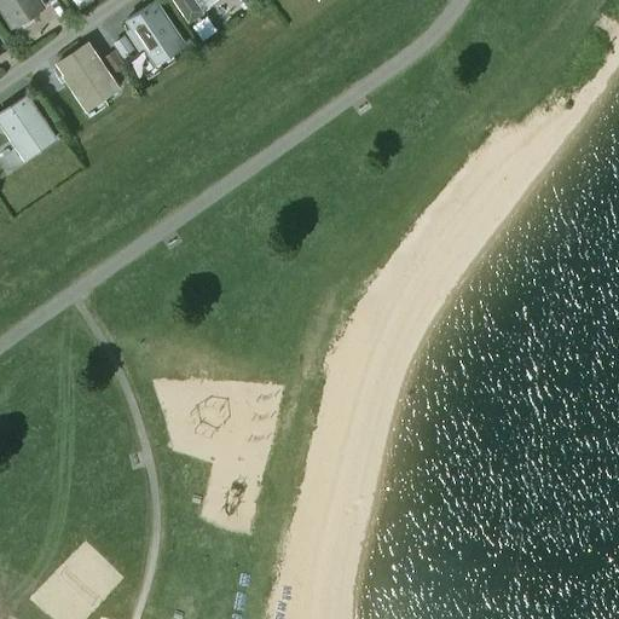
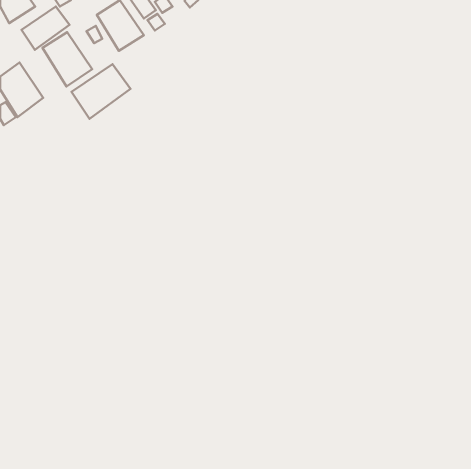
building: none -> [21,7,69,50]
building: none -> [71,64,131,119]

